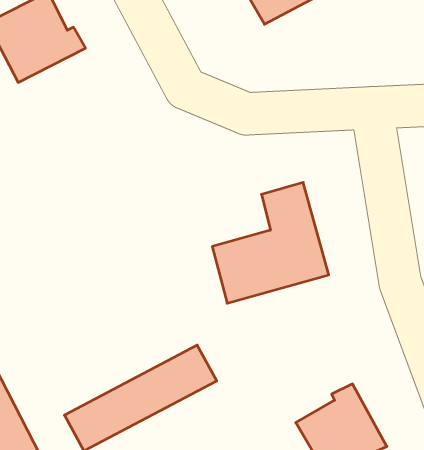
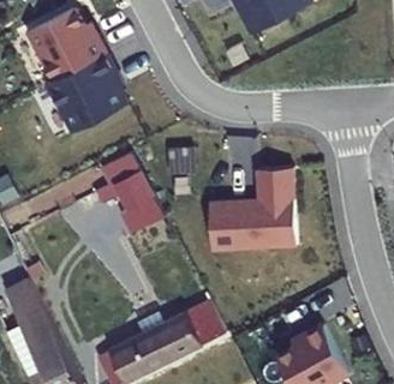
building: none -> [49,55,130,134]
building: none -> [102,162,166,250]

